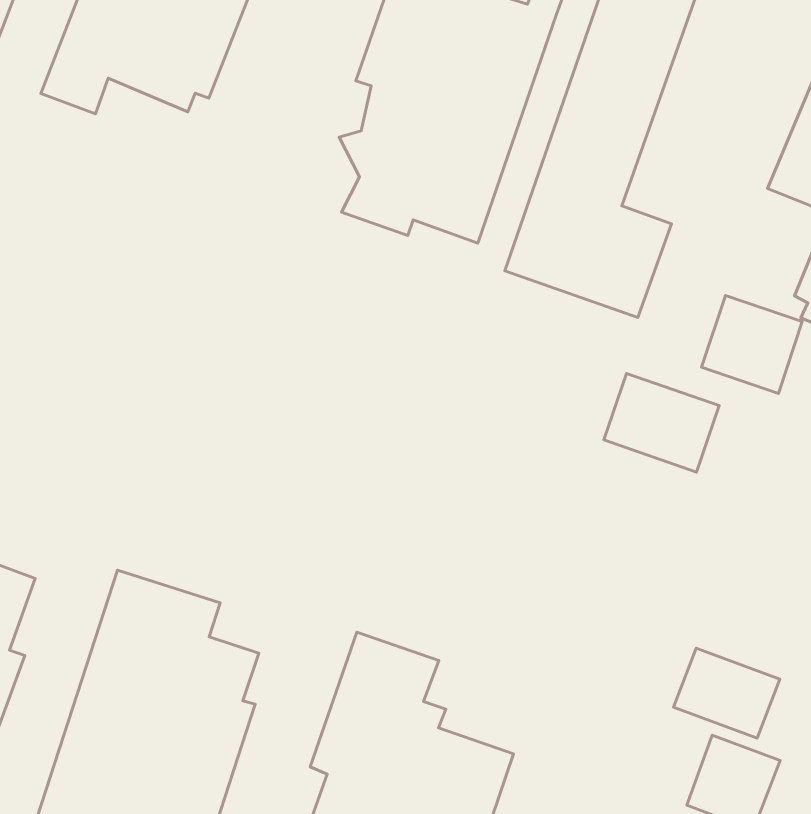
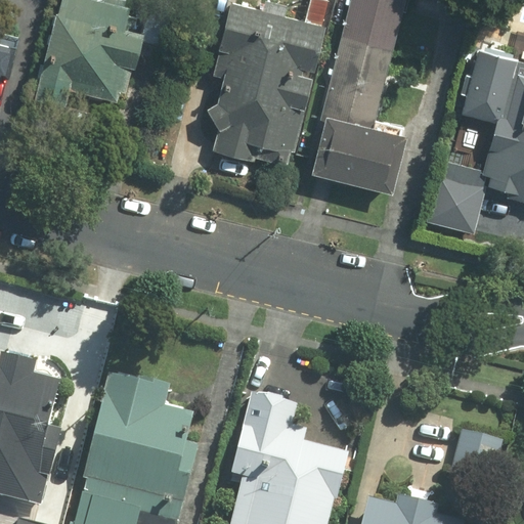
building: [604,373,719,472] -> none
building: [674,648,780,738] -> none

